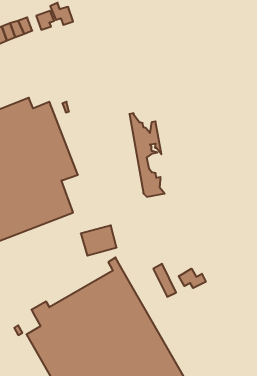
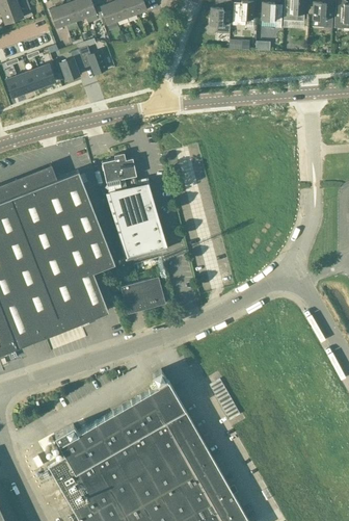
building: none -> [101,154,167,256]
building: [81,225,117,256] -> [119,277,165,315]
building: [179,269,206,288] -> none

